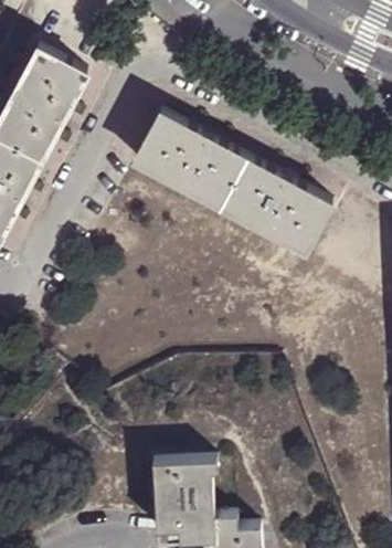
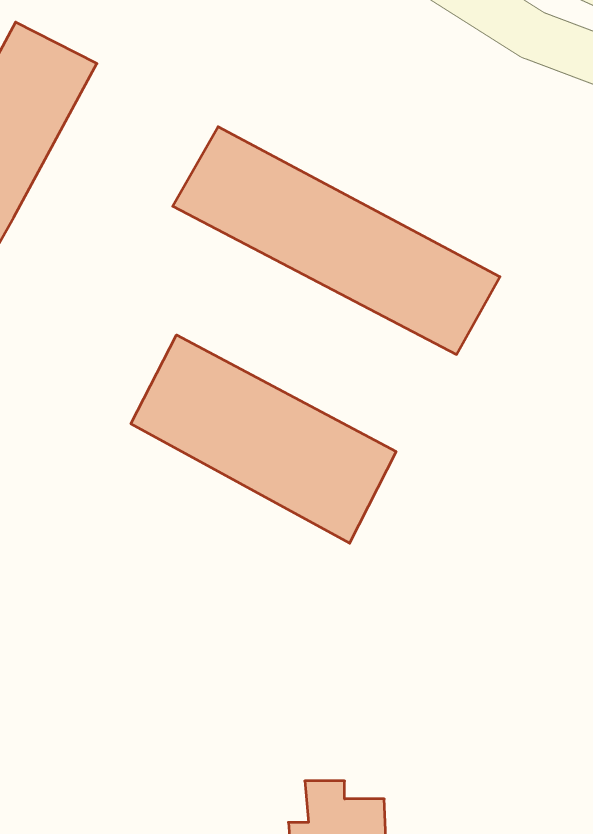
building: none -> [131,335,396,543]
building: [153,456,215,541] -> none

